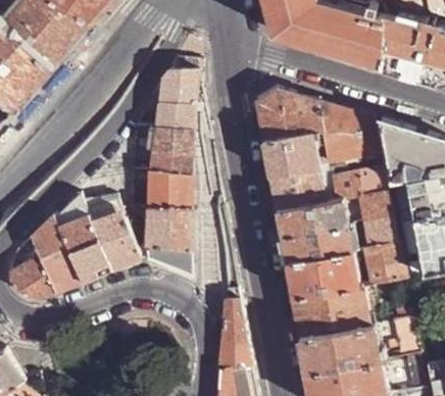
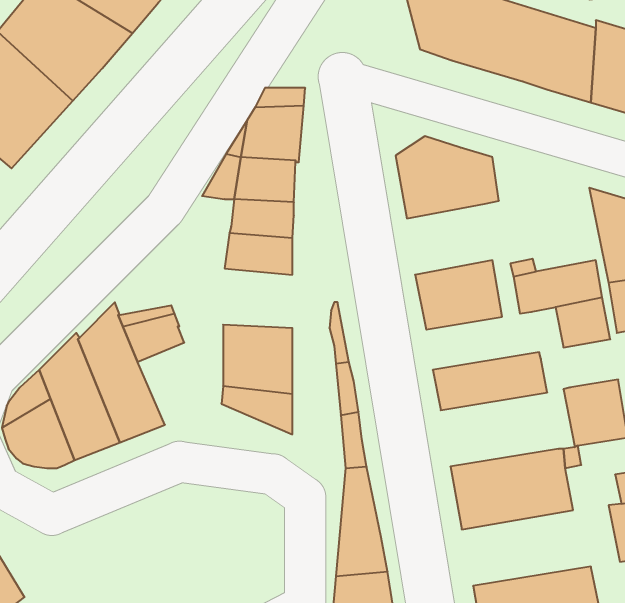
building: [318,102,381,162] -> none
building: [264,132,319,177] -> none
building: [148,172,192,210] -> none
building: [277,200,348,237] -> none
building: [363,217,398,248] -> none
building: [94,219,140,271] -> none
building: [286,251,360,298] -> none
building: [299,326,381,374] -> none

